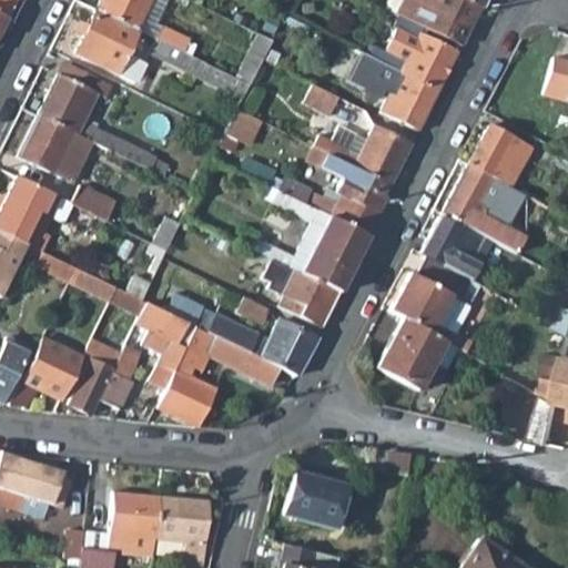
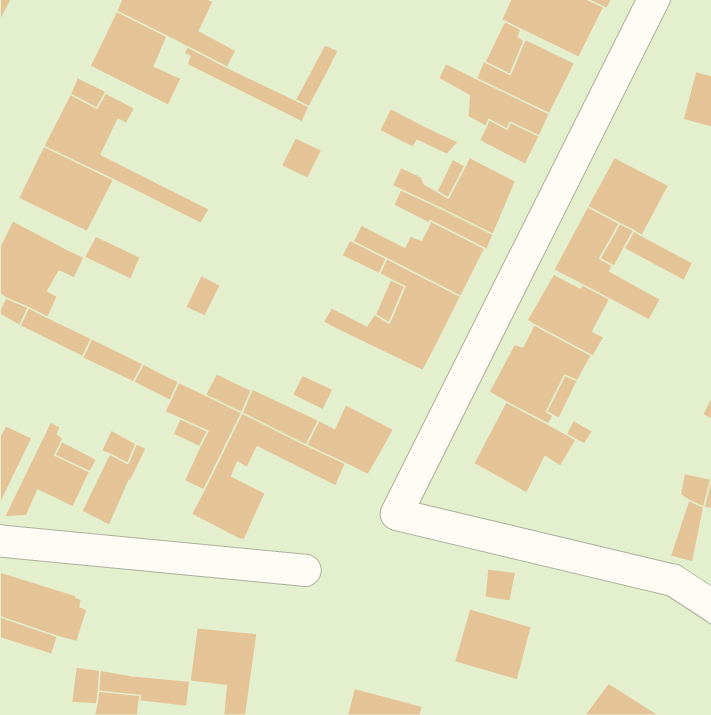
building: [262,260,339,326] -> none
building: [100,359,135,410] -> none
building: [285,471,346,528] -> [454,609,531,680]
building: [110,491,161,538] -> none

